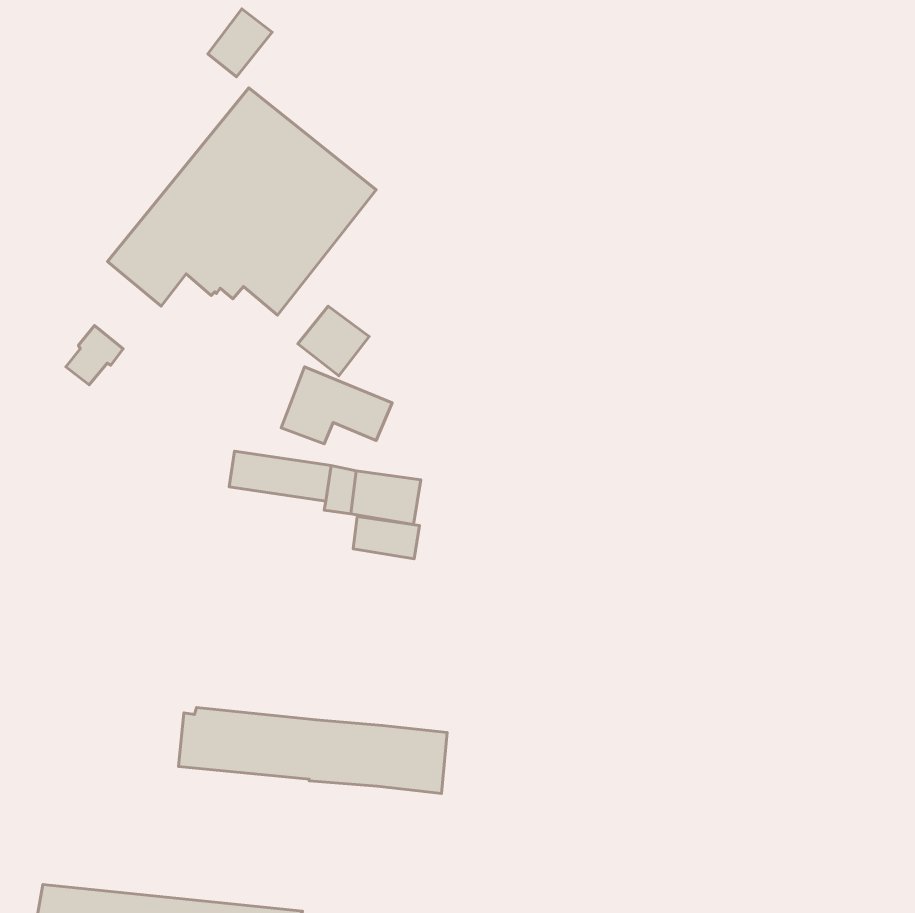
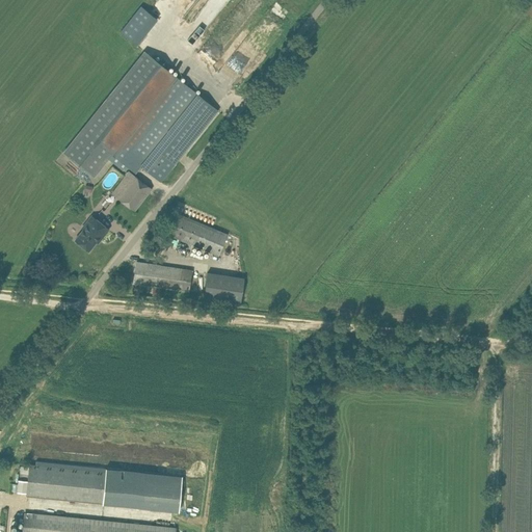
building: [298,306,369,376] -> [111,172,153,213]
building: [66,326,123,385] -> [75,217,108,251]
building: [353,516,420,559] -> none
building: [178,707,447,793] -> [26,462,182,512]

